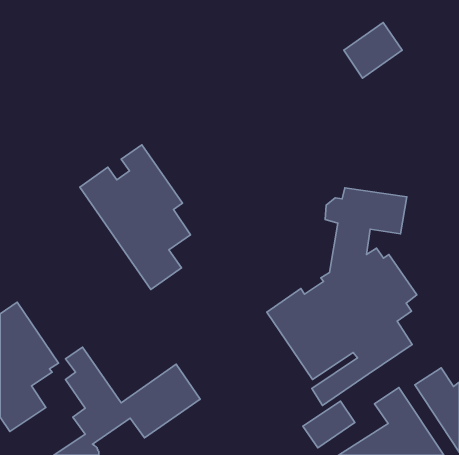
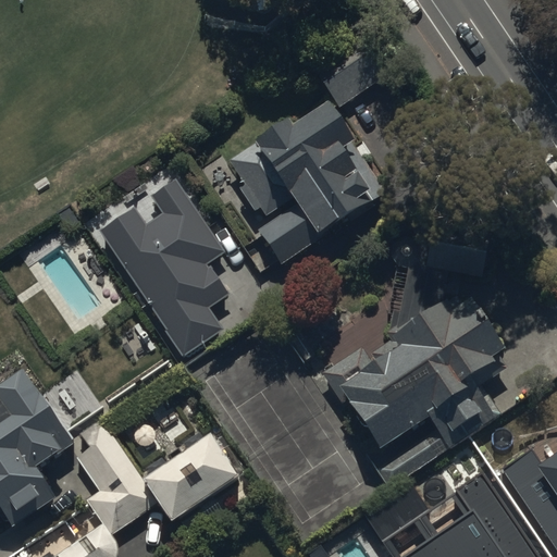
building: [344,22,402,78] -> [317,44,387,111]
building: none -> [230,113,387,267]

